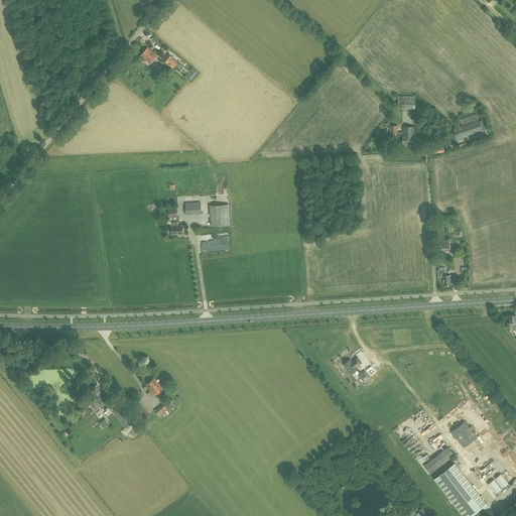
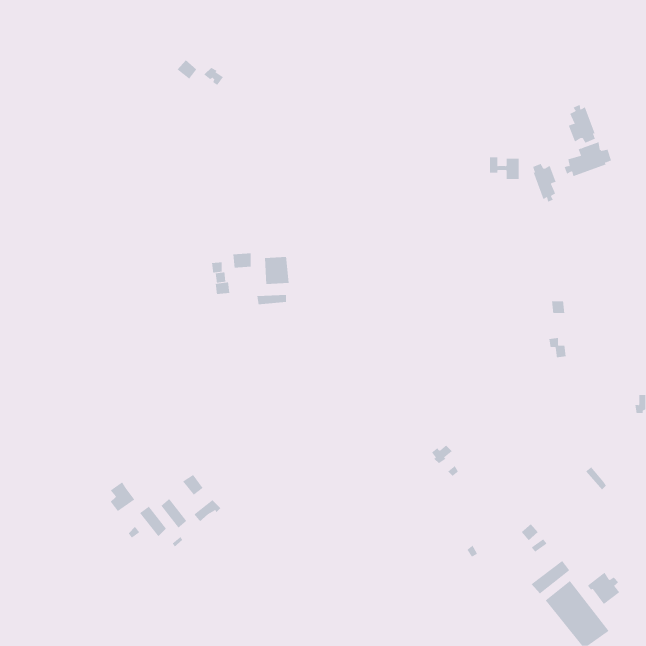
building: none -> [568,104,595,143]
building: none -> [532,163,557,202]
building: [450,421,477,447] -> [587,572,620,605]

